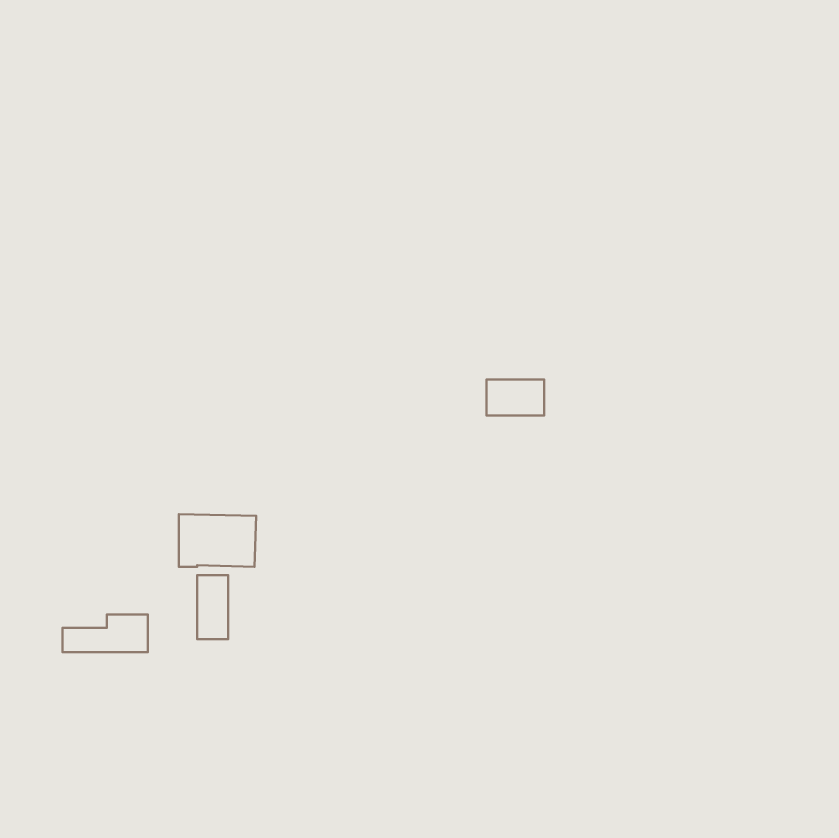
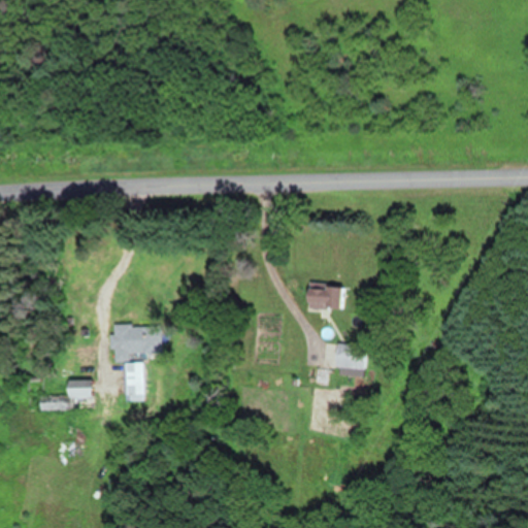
building: [487,379,544,415] -> [307,286,343,308]
building: none -> [335,344,364,367]

